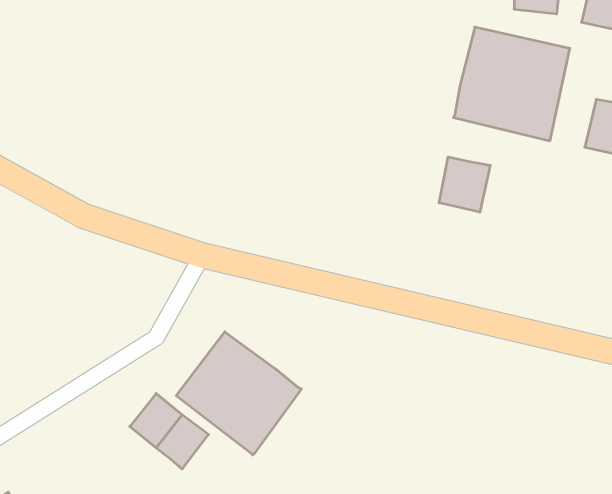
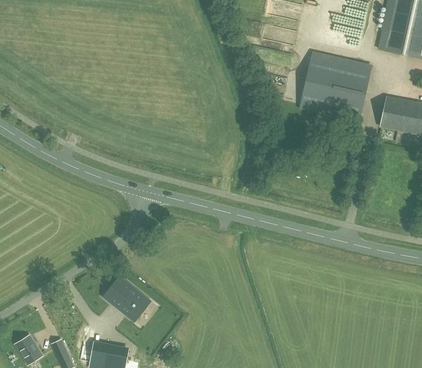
building: [439,157,490,212] -> none
building: [176,332,301,455] -> none

